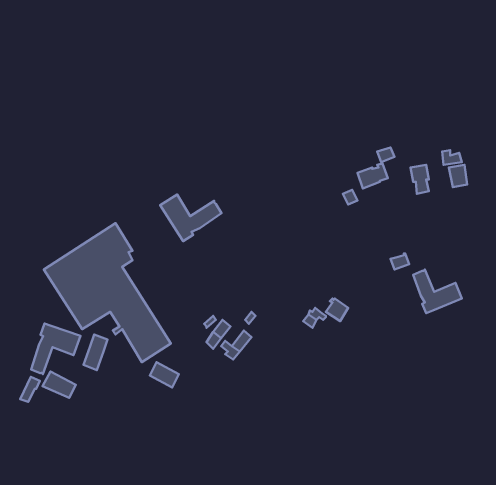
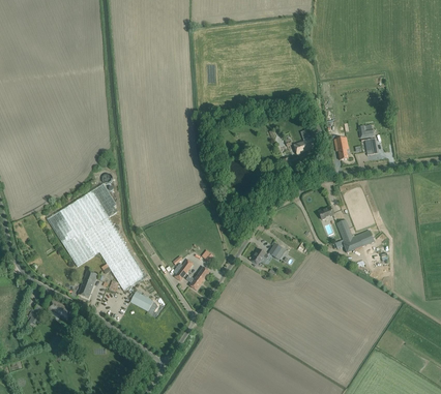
building: [160,194,222,241] -> none
building: [31,324,80,374] -> none

